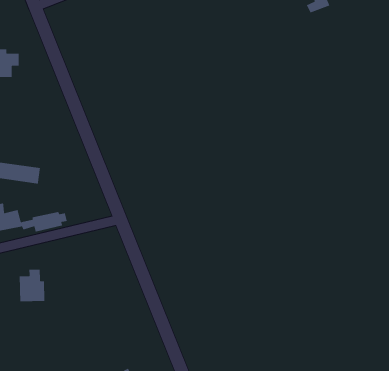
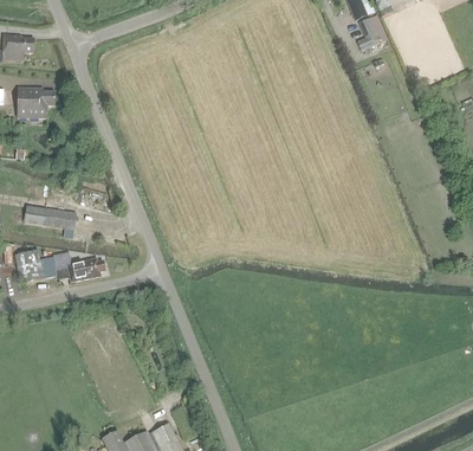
building: [19,269,45,302] -> none

